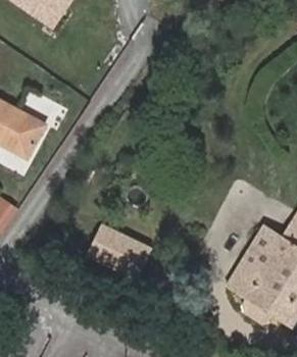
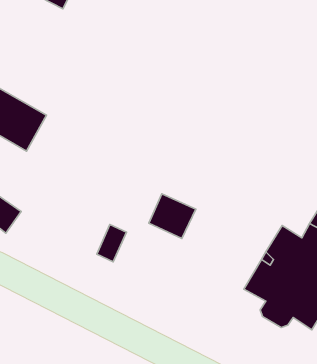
building: [106,234,150,275] -> [149,194,196,239]

